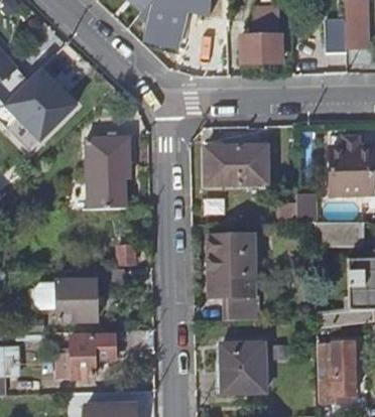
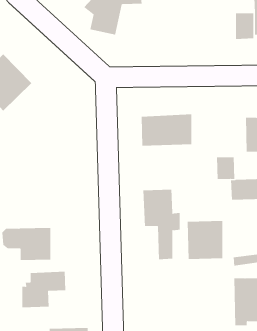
building: [240,9,280,62] -> none
building: [87,136,130,199] -> none
building: [222,342,266,390] -> [187,221,223,259]

